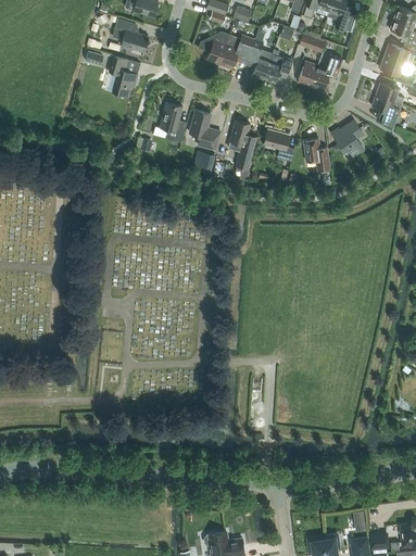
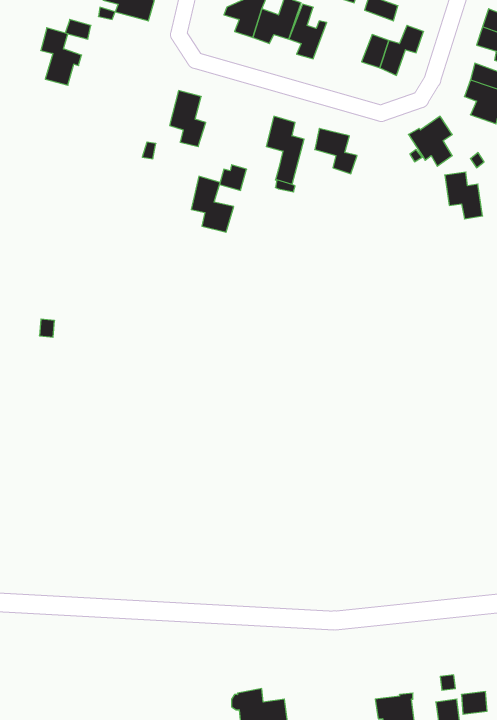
building: [263,49,292,83] -> none
building: [109,54,138,96] -> [41,28,82,85]
building: [190,109,220,149] -> [191,176,234,232]
building: [303,137,330,170] -> [445,172,483,219]

